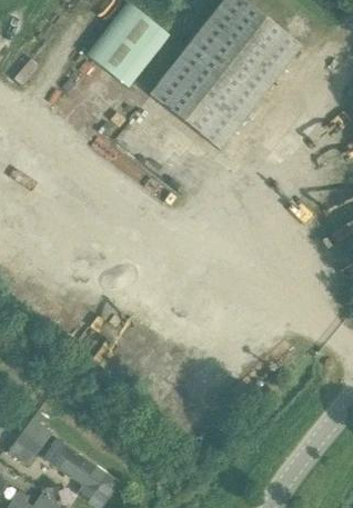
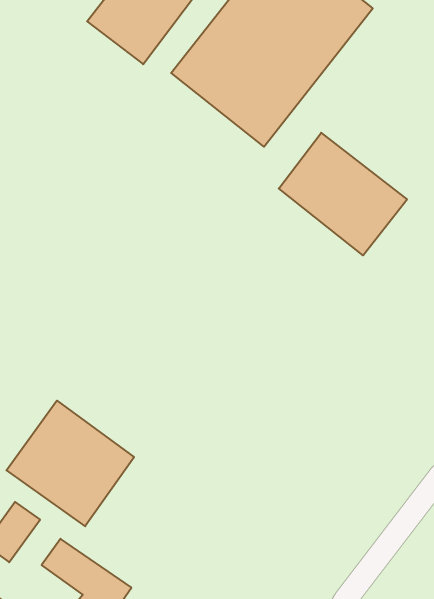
building: none -> [279,133,407,255]
building: none -> [6,401,134,526]

